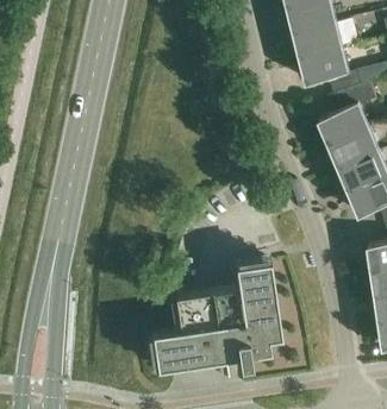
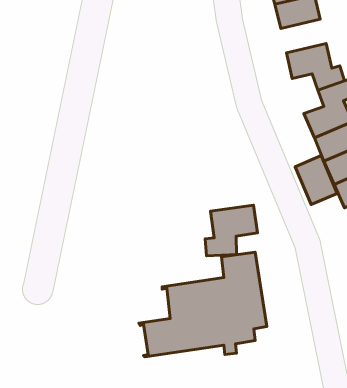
building: [294,25,341,59] -> none
building: none -> [295,156,337,204]
building: none -> [205,205,258,256]

